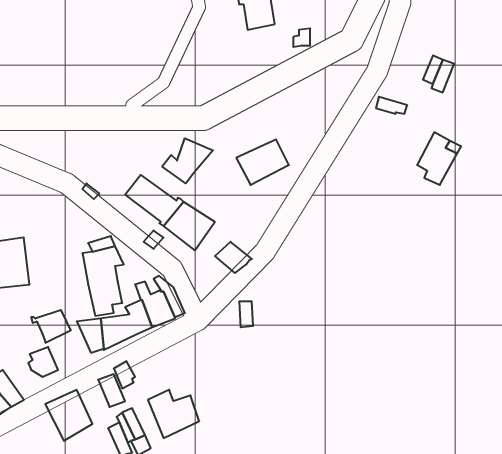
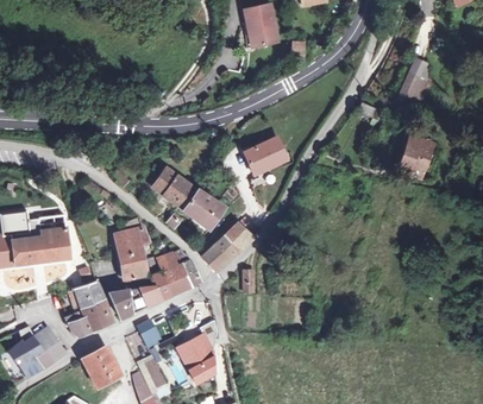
building: [162,138,213,183] -> none
building: none -> [200,234,240,271]
building: none -> [82,296,113,329]

